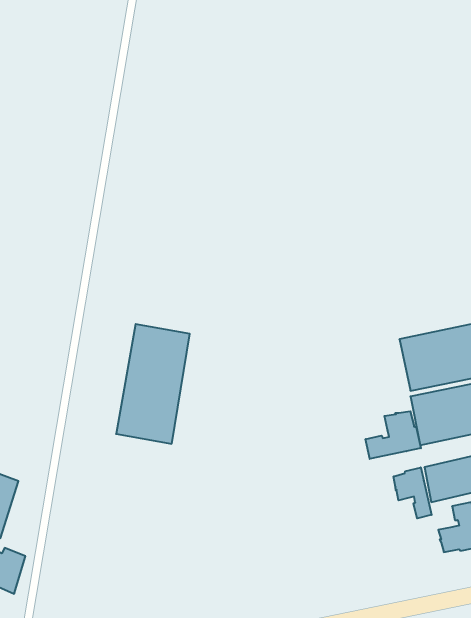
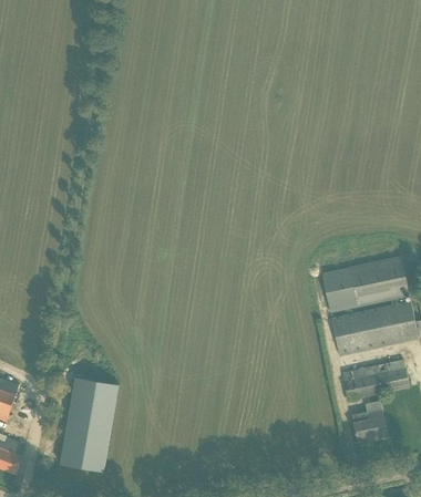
building: [116,324,190,444] -> [59,376,117,472]
building: [366,411,421,459] -> none
building: [394,467,432,518] -> none

